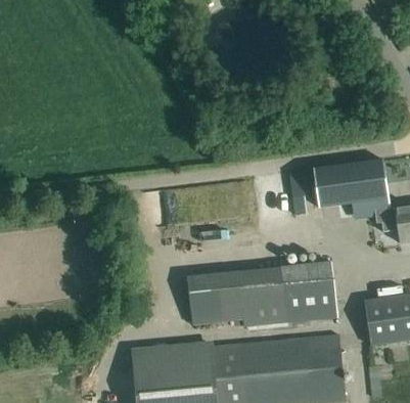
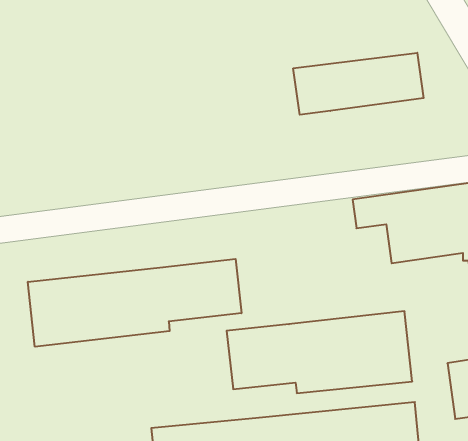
building: none -> [293,53,424,115]
building: none -> [28,259,241,347]

